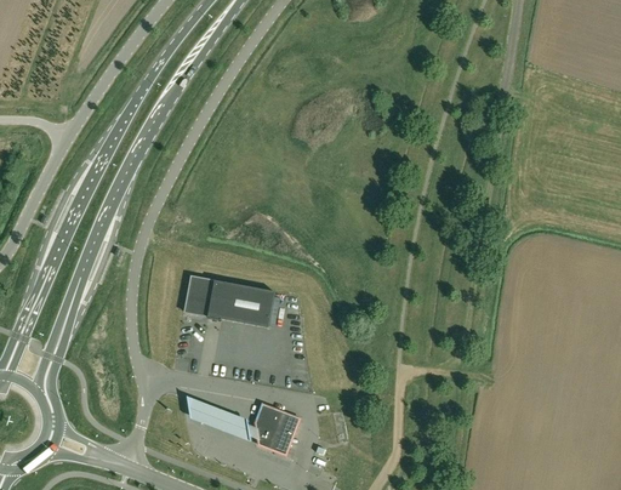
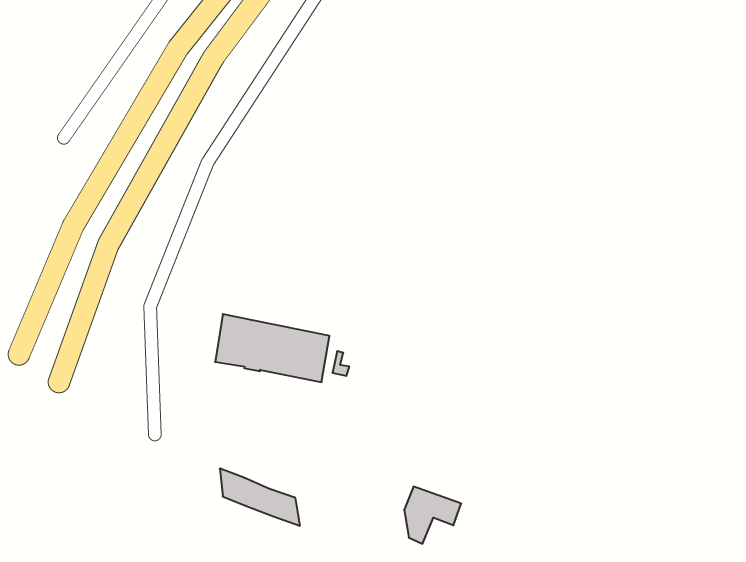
building: [255,404,300,449] -> [404,487,461,544]

